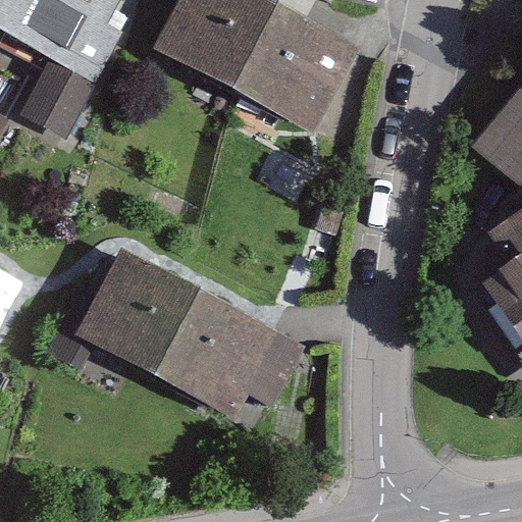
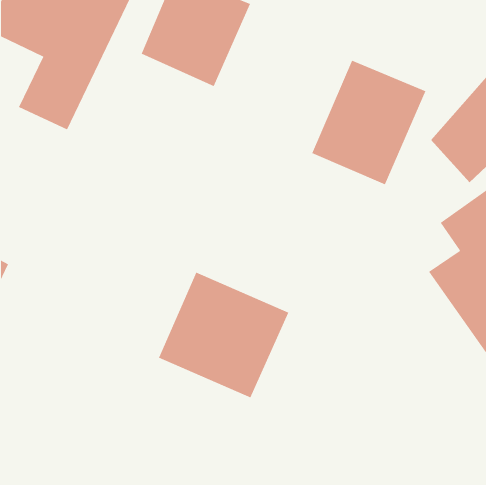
building: [233,4,350,125] -> none
building: none -> [311,60,426,185]
building: [76,245,214,378] -> none

